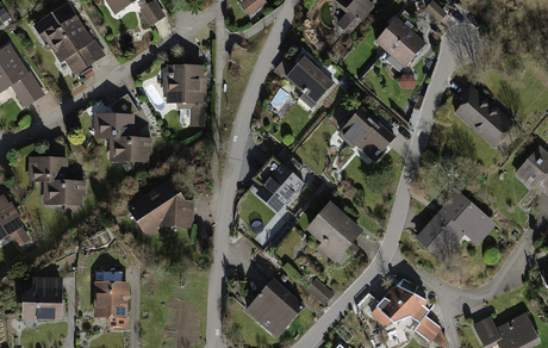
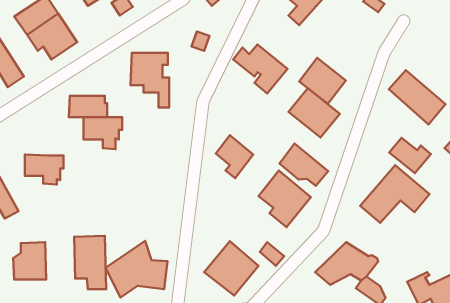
building: [373,17,425,68] -> [299,58,346,104]
building: [26,157,69,181] -> none
building: none -> [389,138,431,173]
building: none -> [280,143,328,186]
building: [125,175,194,238] -> [106,241,168,298]

